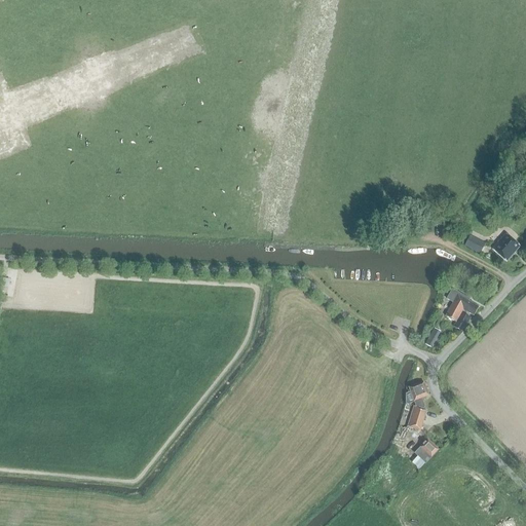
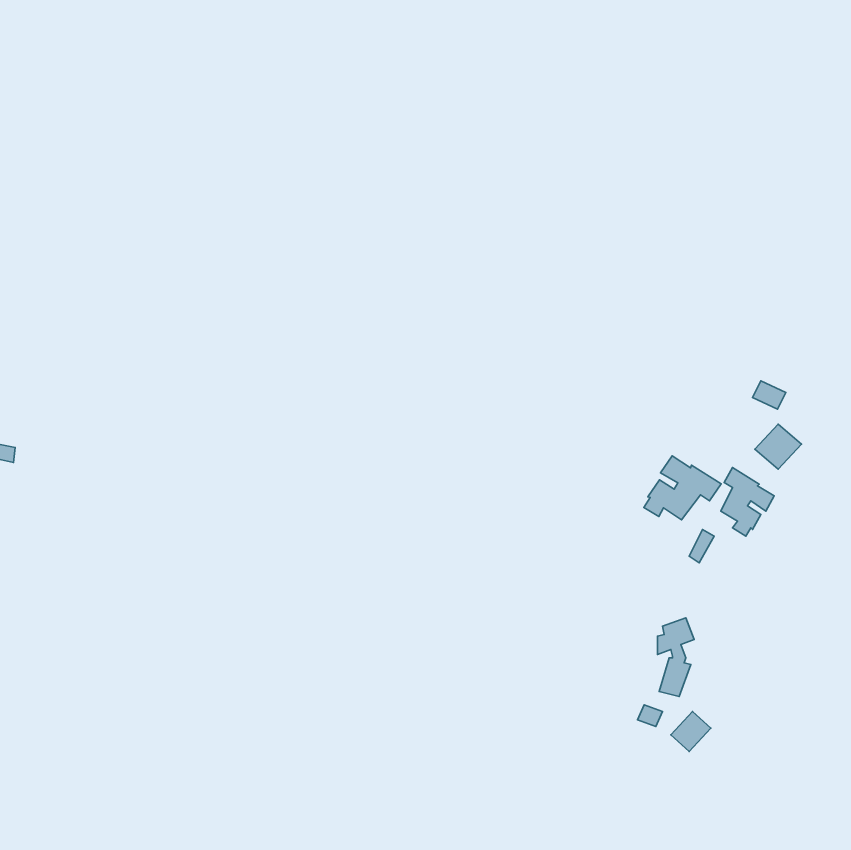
building: [490,232,519,260] -> [755,424,802,469]
building: none -> [644,456,721,520]

